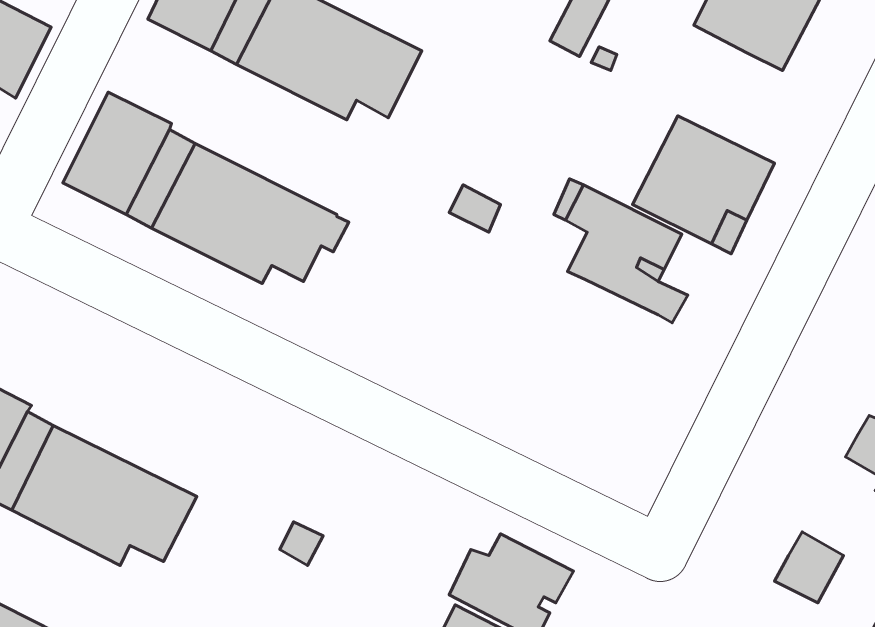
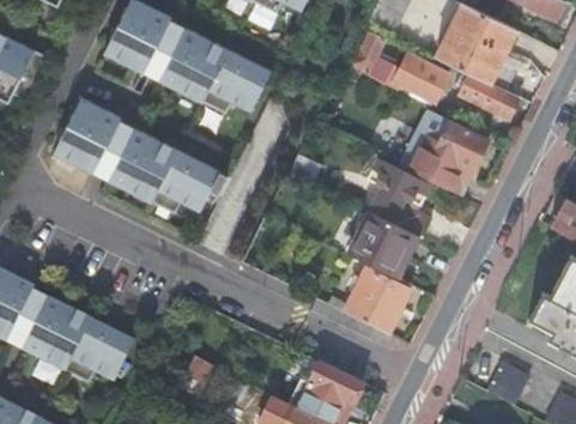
building: none -> [392,53,449,102]
building: none -> [457,72,520,119]
building: none -> [350,210,416,274]
building: none -> [342,267,410,332]

